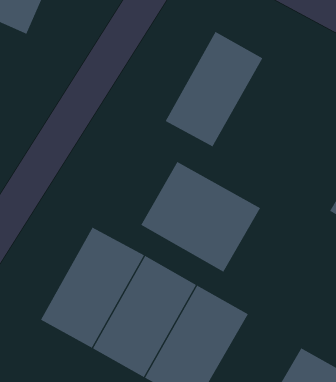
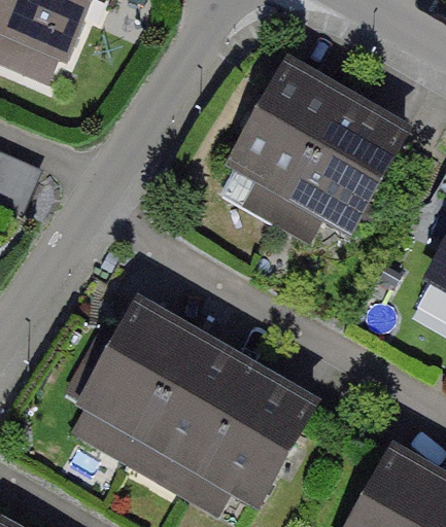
building: none -> [282,96,402,238]
building: [140,161,261,272] -> none

